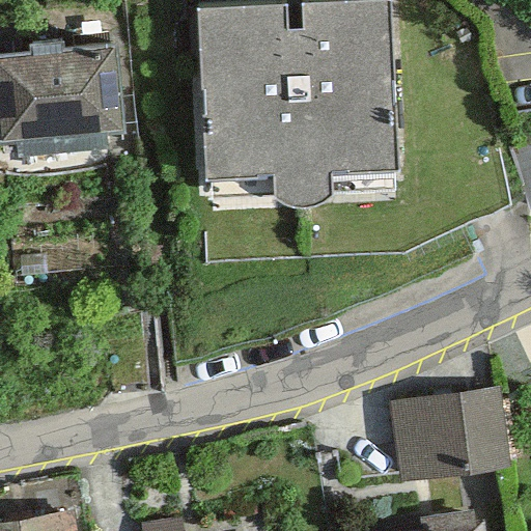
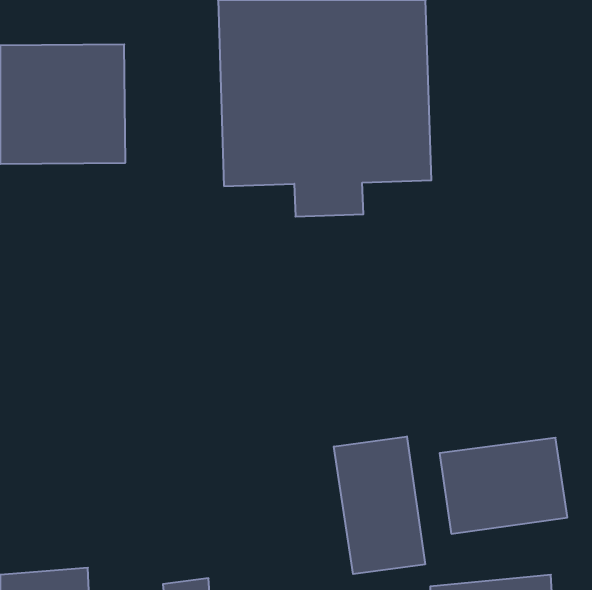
building: none -> [334,436,425,574]

